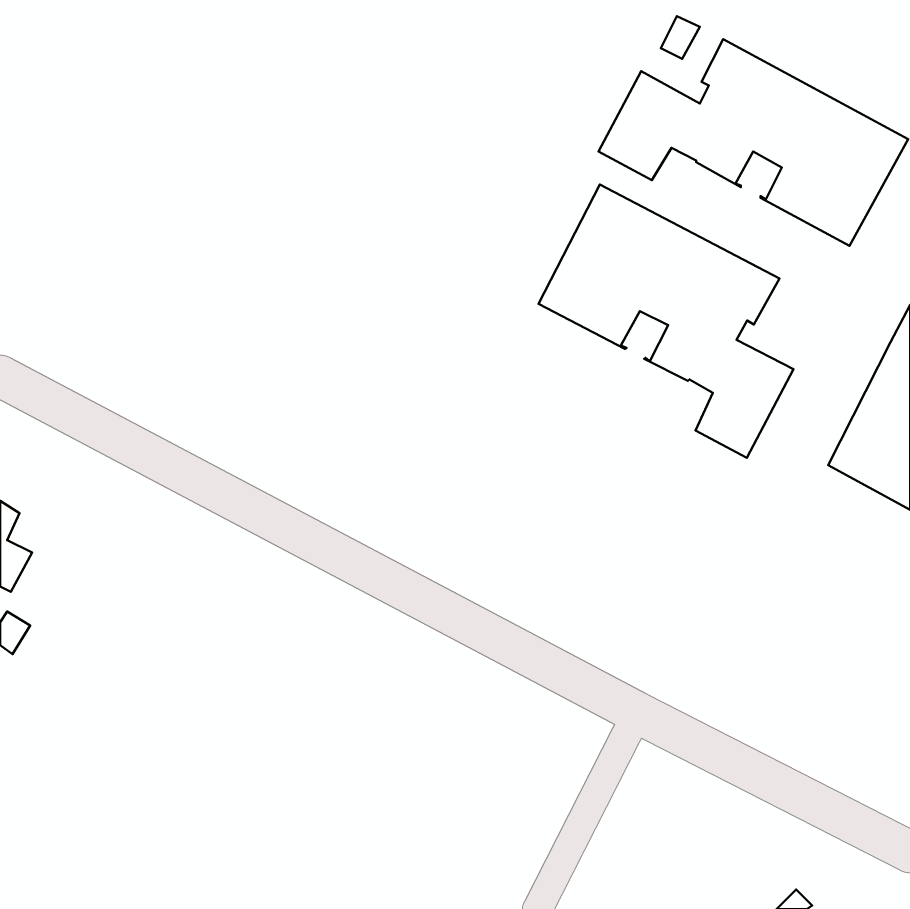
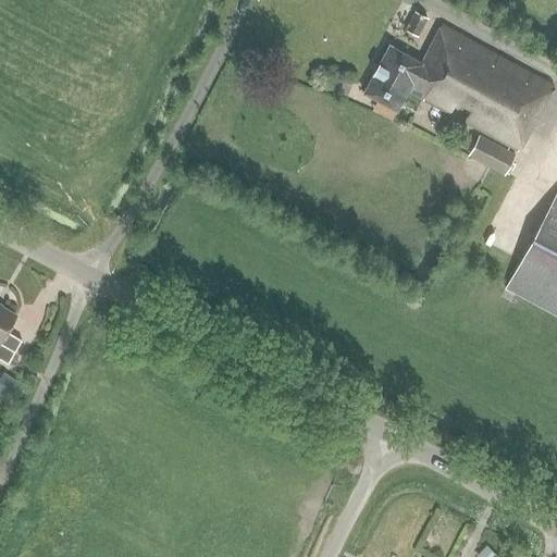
building: [539,185,794,458] -> none
building: none -> [469,133,517,173]

